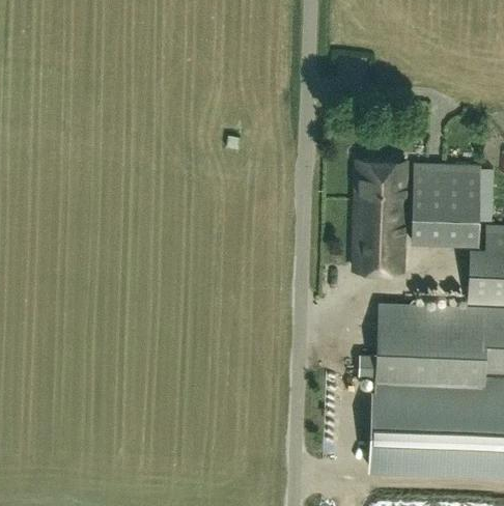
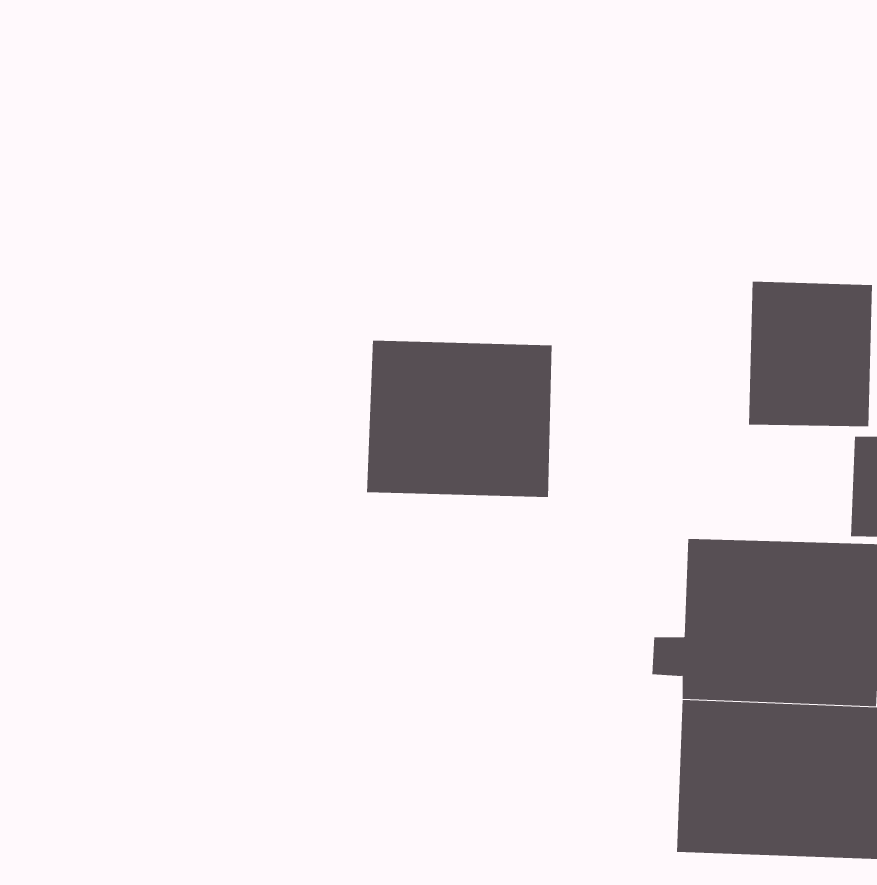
building: [354,162,405,272] -> none
building: none -> [366,340,552,498]

